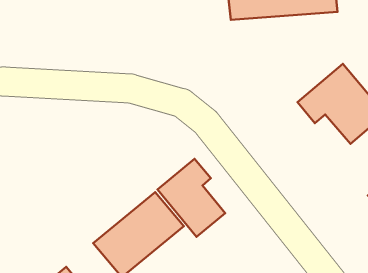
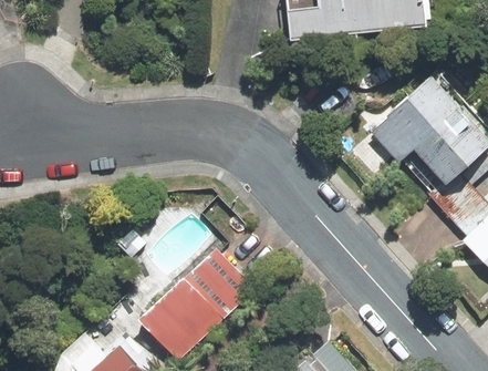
building: [157,159,225,237] -> none

